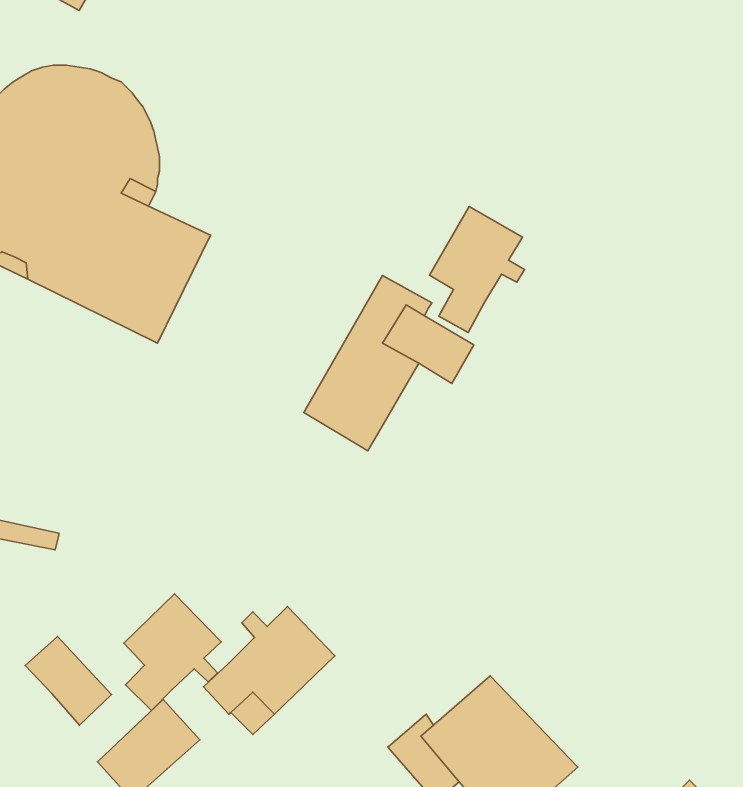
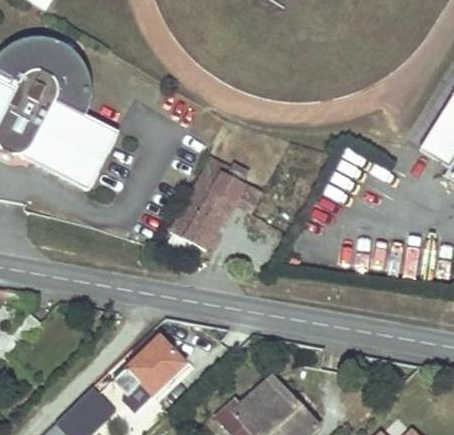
building: [430,207,524,332] -> none
building: [124,594,221,711] -> none
building: [25,636,112,725] -> none

